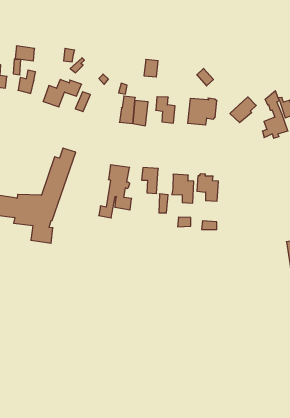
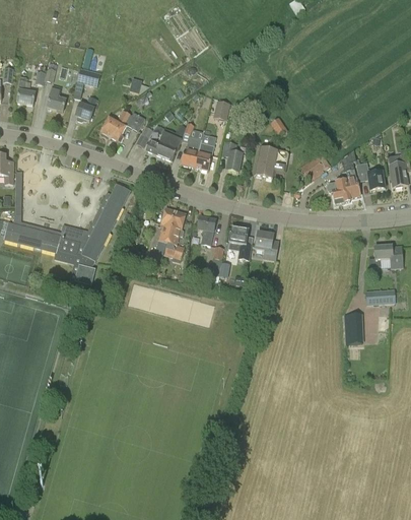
building: none -> [146,132,183,160]

